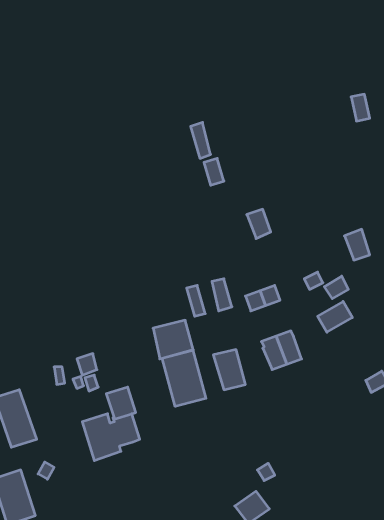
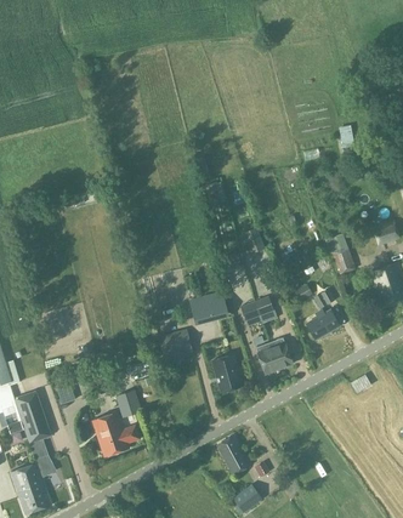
building: [162,350,206,406] -> none
building: none -> [218,437,250,476]

